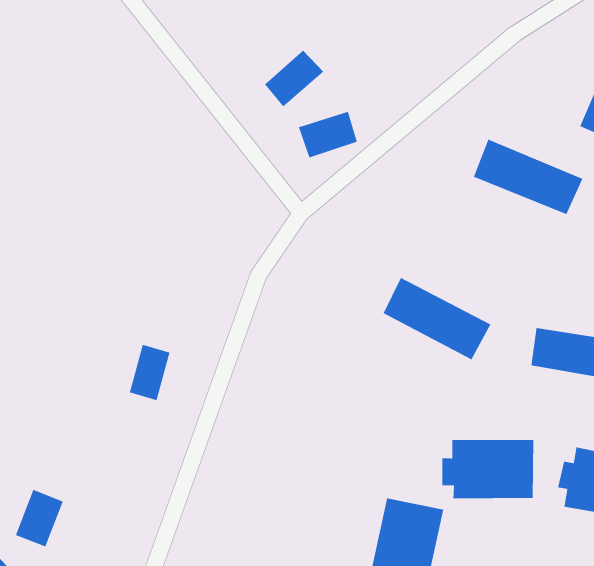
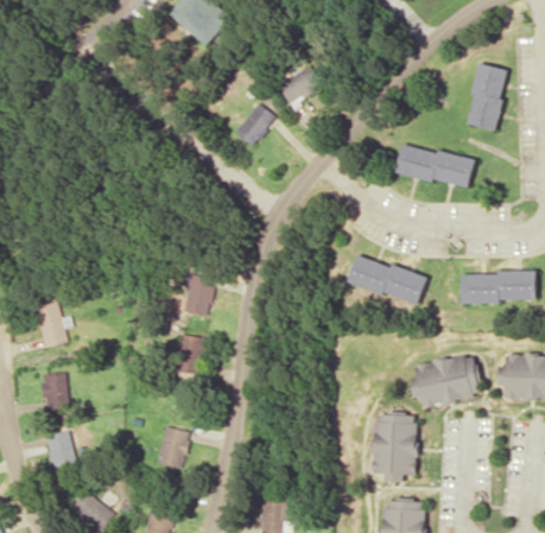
building: [298,111,358,158] -> [277,65,322,104]
building: none -> [182,274,214,316]
building: [15,489,64,547] -> [157,427,188,468]

